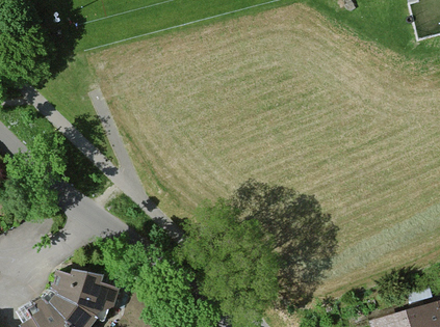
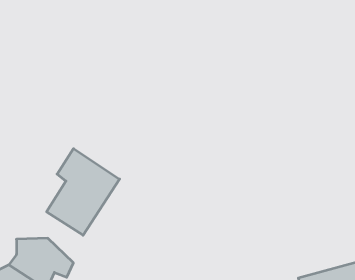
building: none -> [47,149,120,235]

